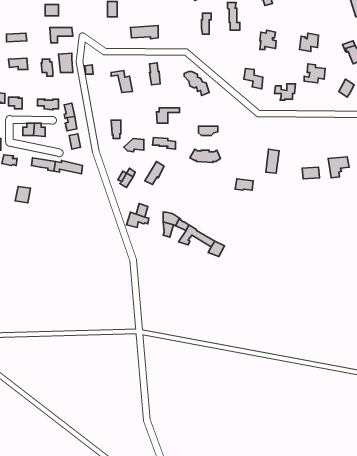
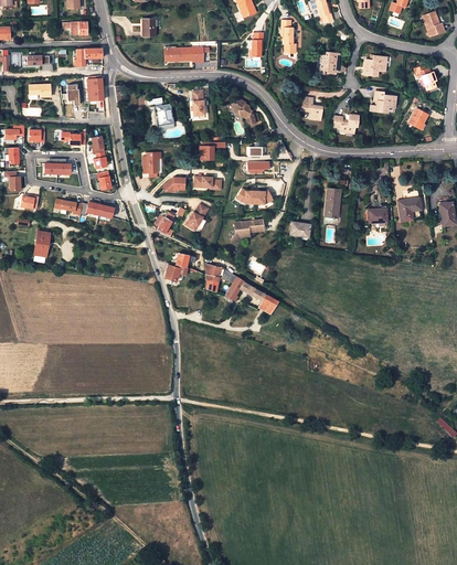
building: none -> [228,218,265,243]

